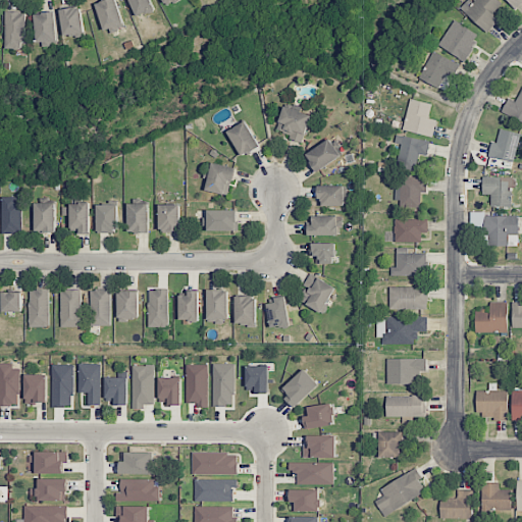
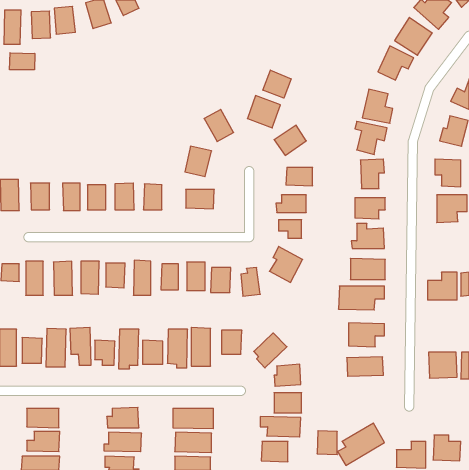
building: none -> [10,53,35,70]
building: none -> [263,70,291,98]
building: [378,431,401,458] -> [317,431,337,455]

